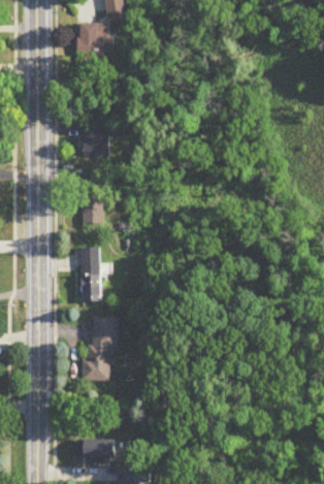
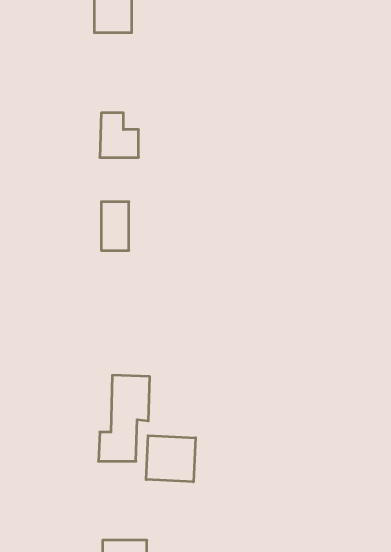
building: [80,248,100,302] -> none
building: none -> [146,436,196,482]

